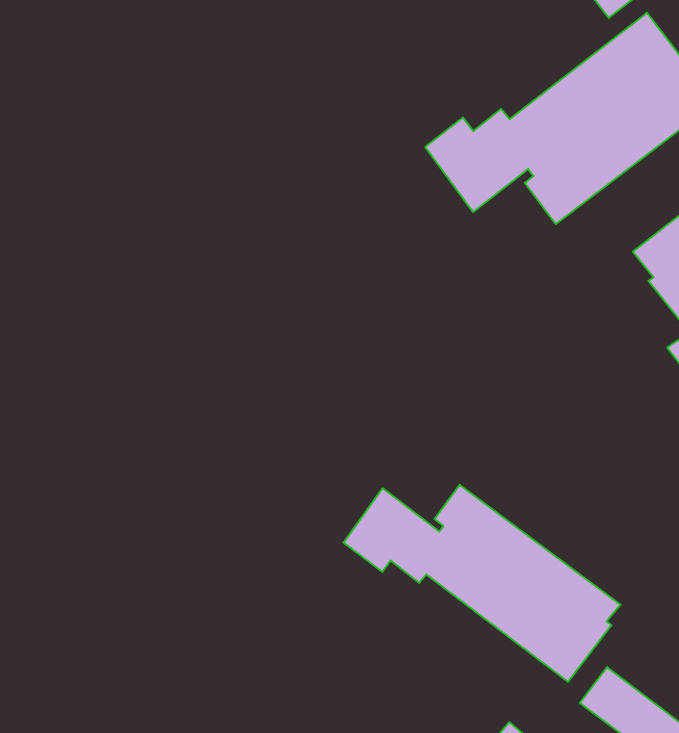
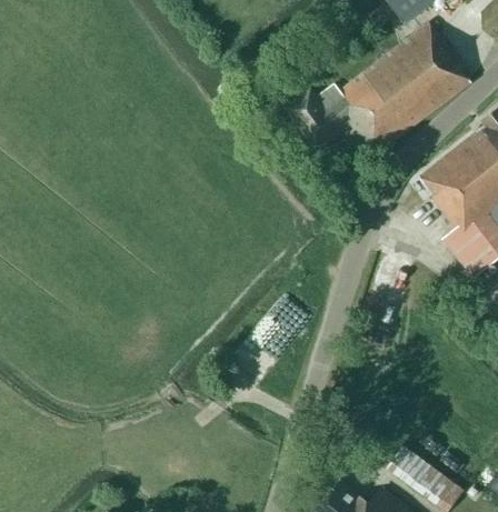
building: [343,485,621,682] -> none

